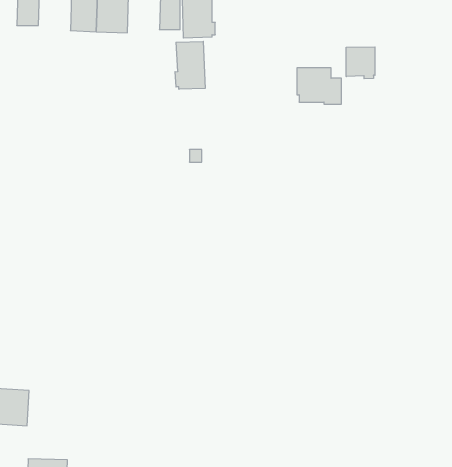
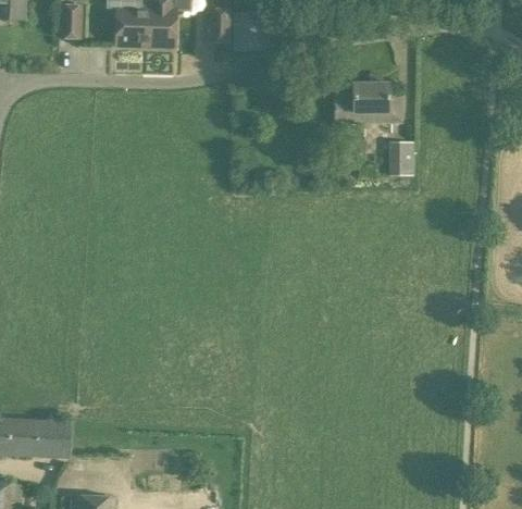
building: [175,41,205,89] -> none
building: [346,47,375,79] -> none
building: none -> [388,140,412,174]

